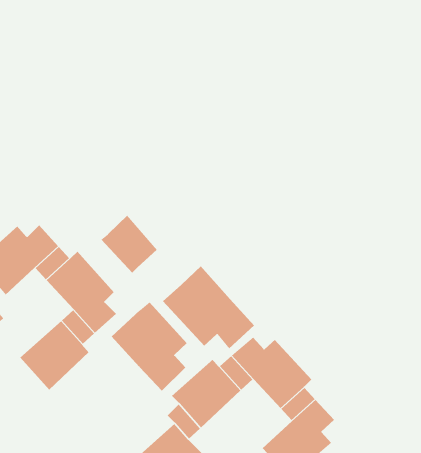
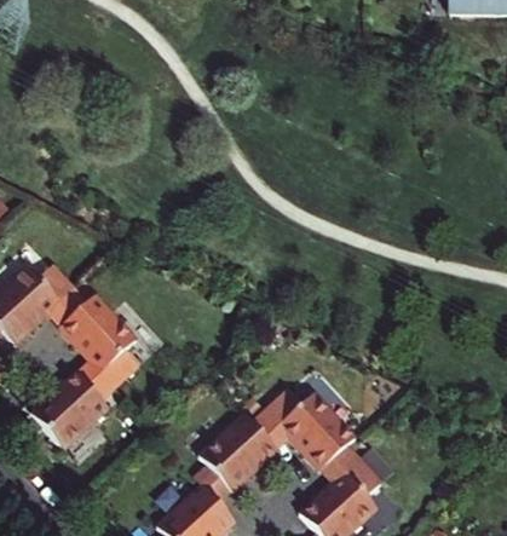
building: [101,215,158,273] -> none
building: [162,265,255,349] -> none
building: [111,302,188,392] -> none

